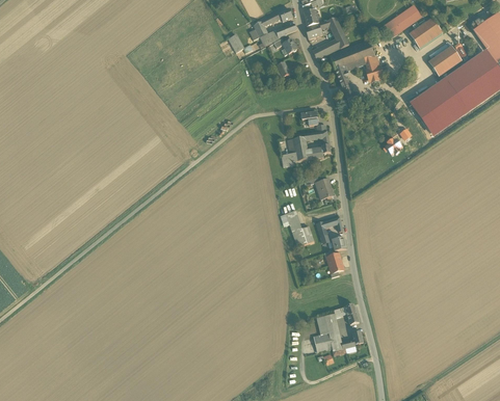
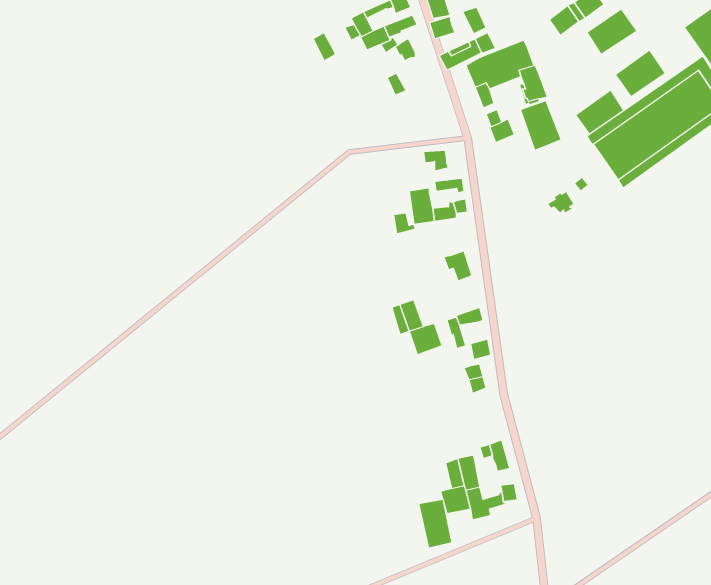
building: none -> [575,90,624,134]
building: none -> [520,100,561,150]
building: none -> [419,499,452,548]

